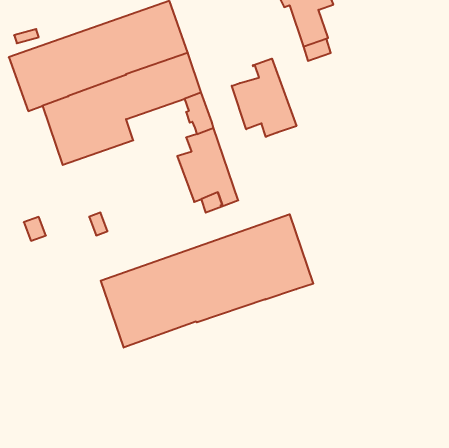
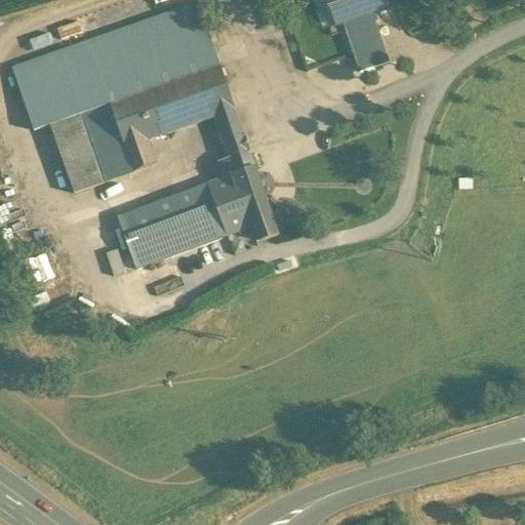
building: [232,59,296,137] -> none
building: none -> [117,181,226,268]
building: [101,214,313,348] -> none

